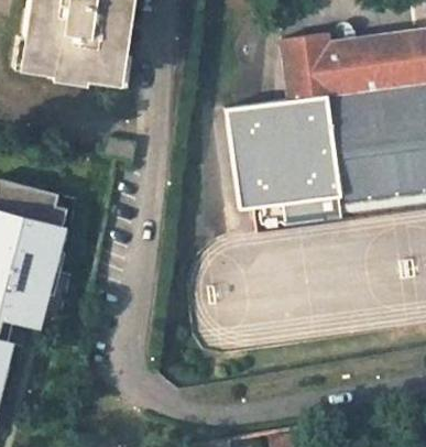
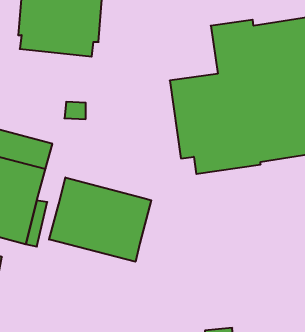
building: none -> [49,177,151,262]

